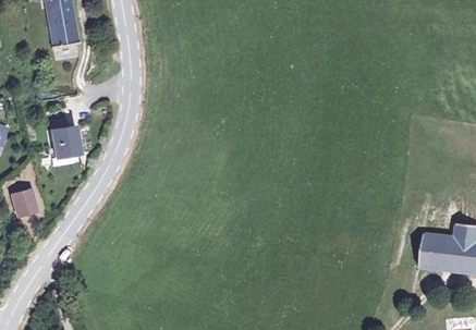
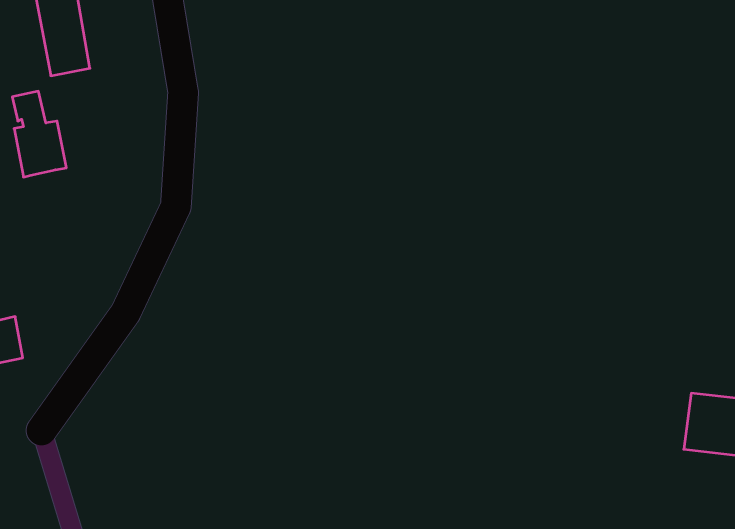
building: [49,111,81,161] -> [12,91,66,177]

